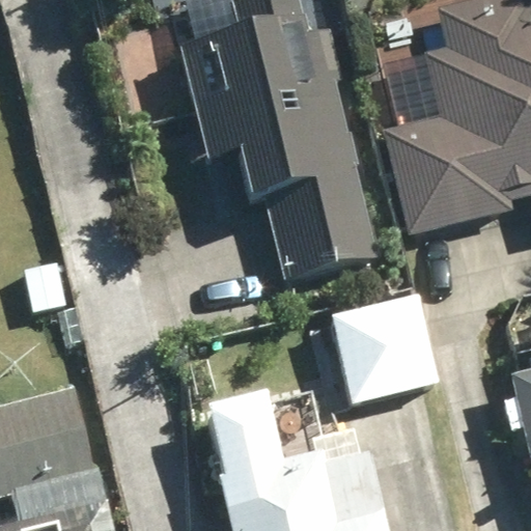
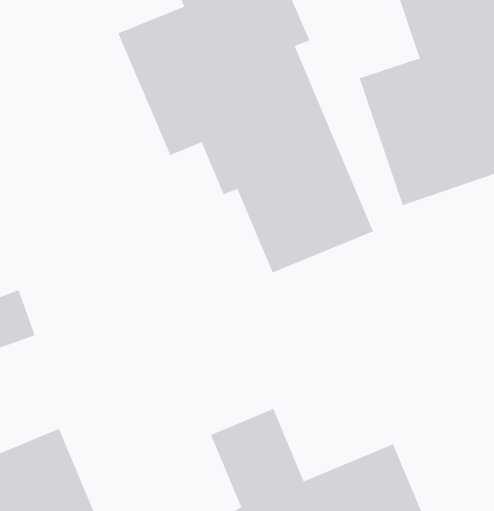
building: [332,294,442,403] -> none

